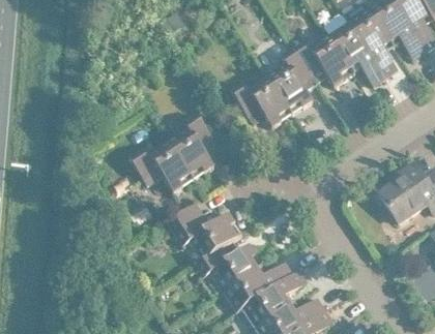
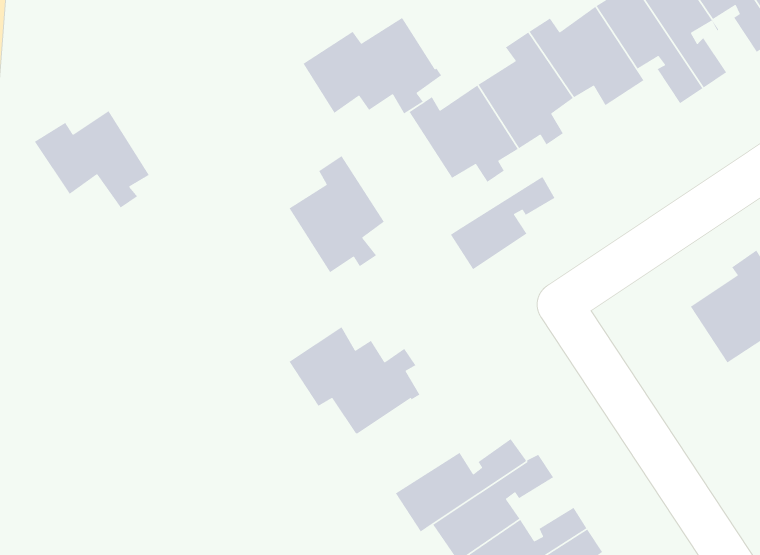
building: none -> [302,17,442,114]
building: none -> [450,176,556,270]
building: [128,141,190,192] -> [34,110,150,208]
building: [196,241,258,291] -> none

